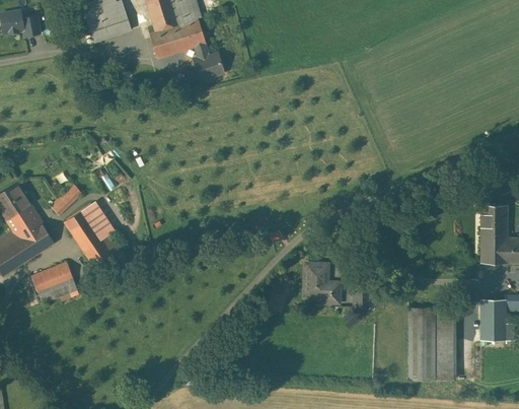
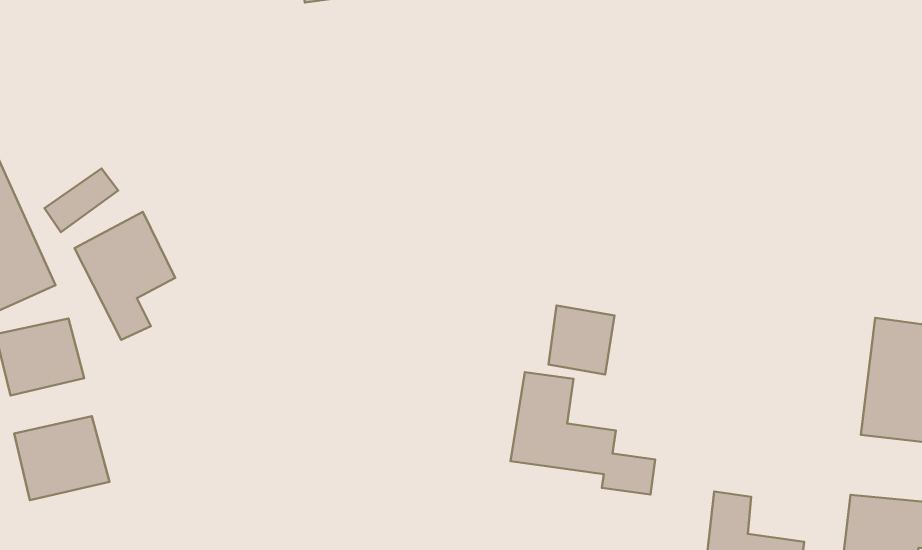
building: none -> [549,306,615,375]
building: none -> [14,416,110,500]

